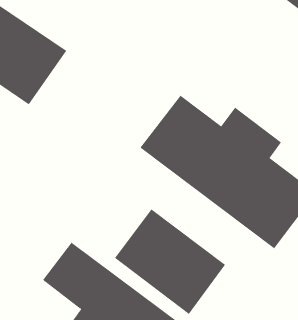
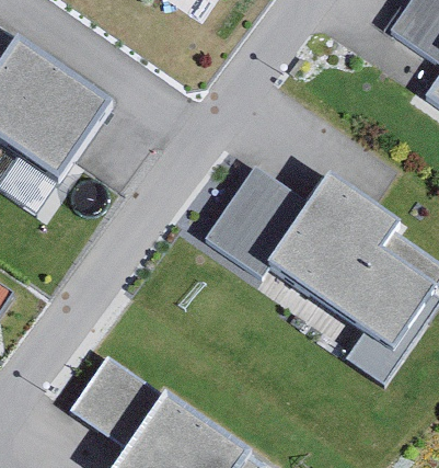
building: [114,208,226,315] -> none

